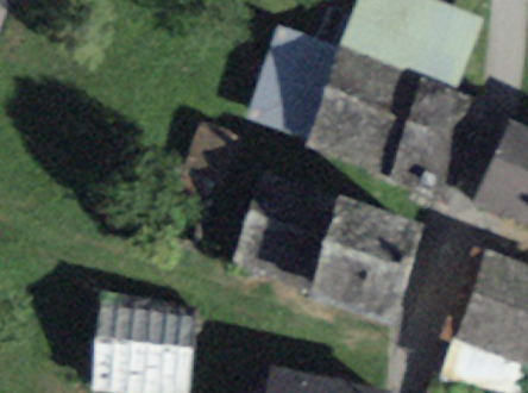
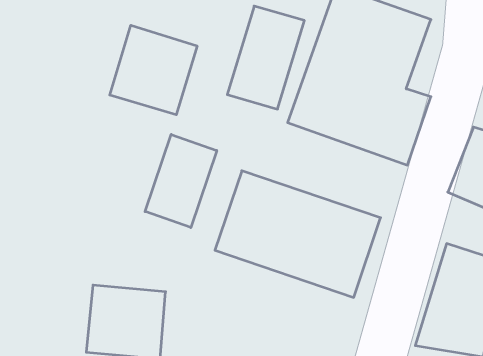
building: none -> [110,25,197,115]
building: none -> [145,134,217,228]

